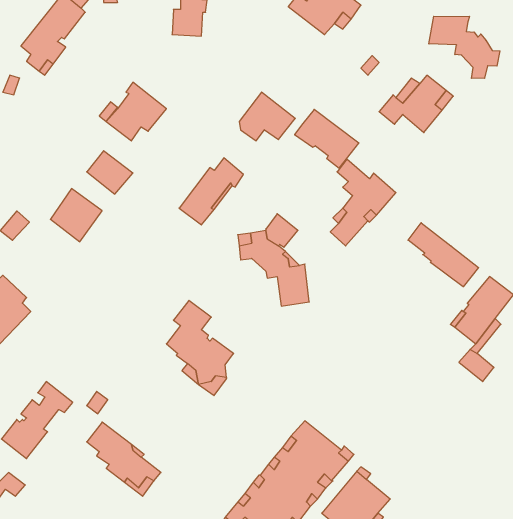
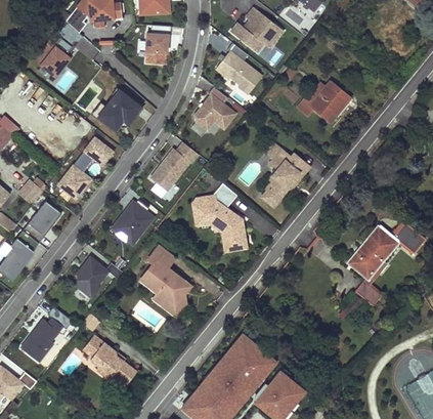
building: [429,16,500,78] -> none
building: [295,109,359,168] -> [215,50,262,93]
building: [408,223,479,287] -> none
building: none -> [25,199,62,238]
building: none -> [112,201,155,245]
building: none -> [78,256,123,298]

